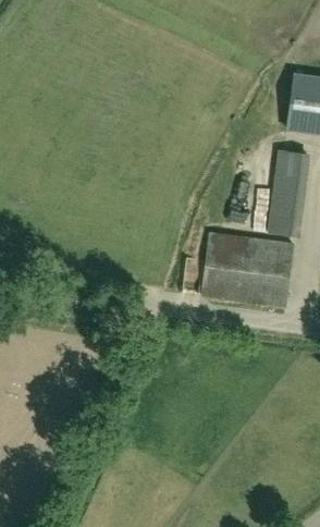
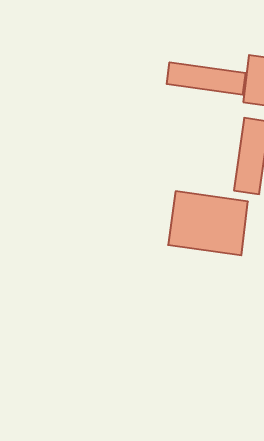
building: none -> [167,62,246,95]

